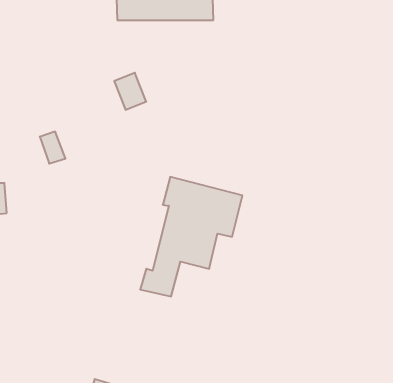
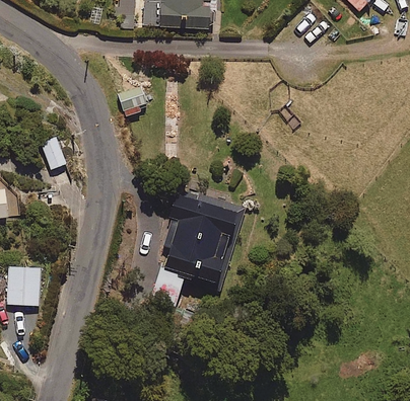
building: none -> [9,266,43,306]

